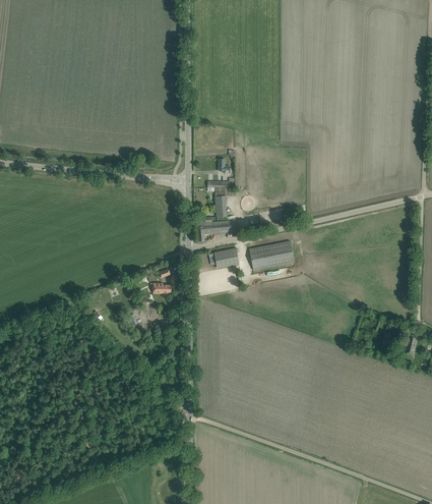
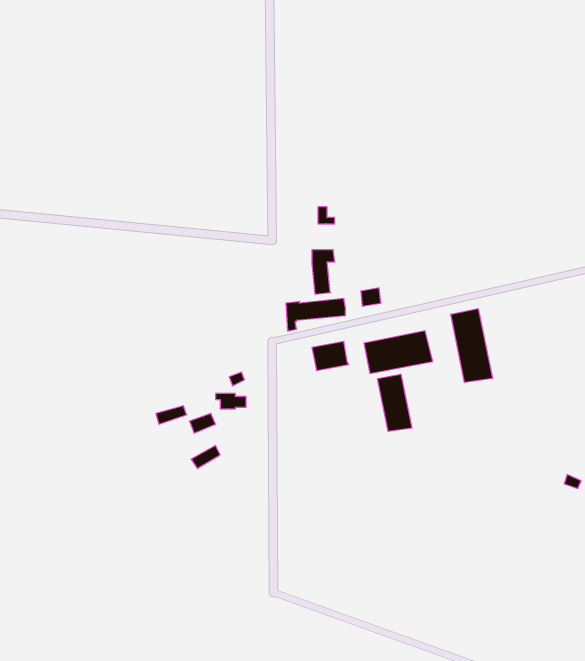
building: none -> [451,309,492,382]
building: none -> [378,374,412,432]

